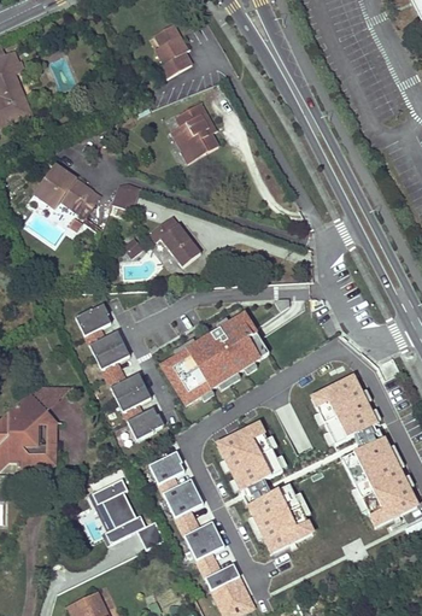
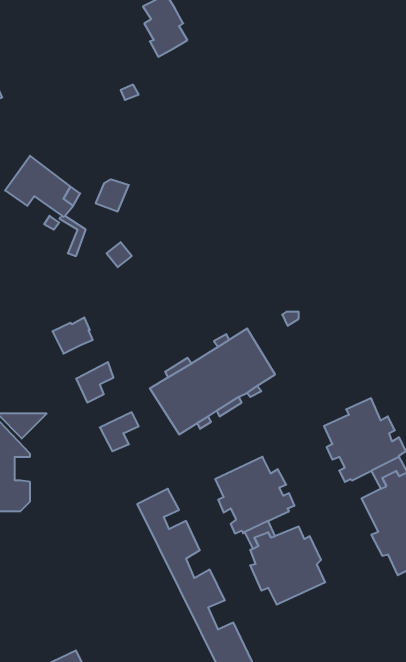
building: [177,101,221,162] -> none
building: [148,216,201,268] -> none
building: [84,327,123,356] -> none
building: [105,369,143,398] -> none
building: [127,406,163,438] -> none
building: [87,476,162,547] -> none

